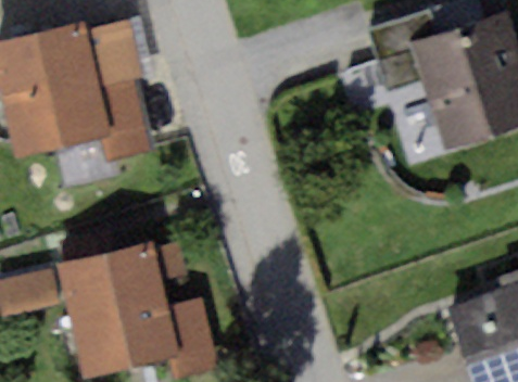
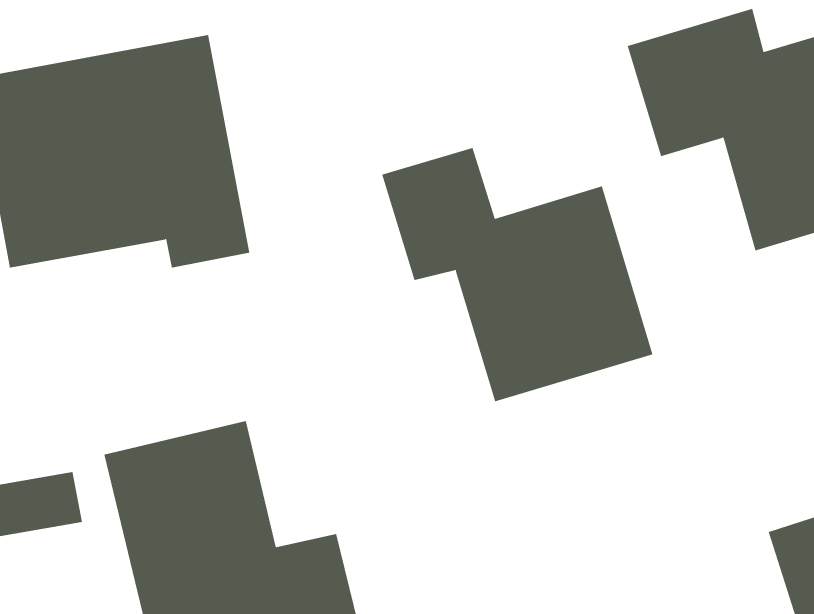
building: none -> [381,147,653,402]

